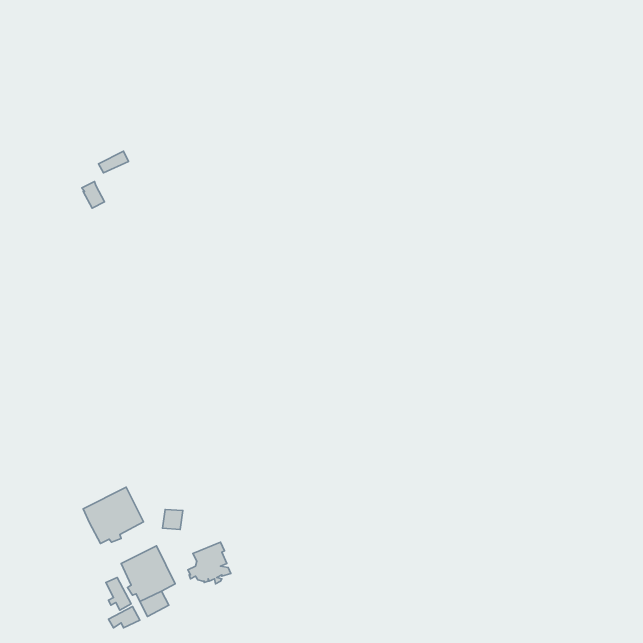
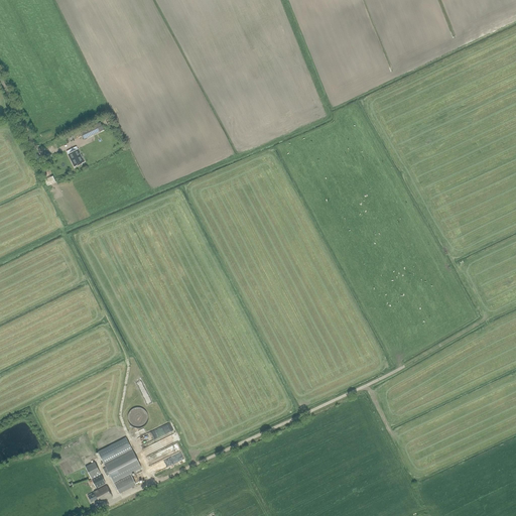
building: [83,487,144,543] -> none

